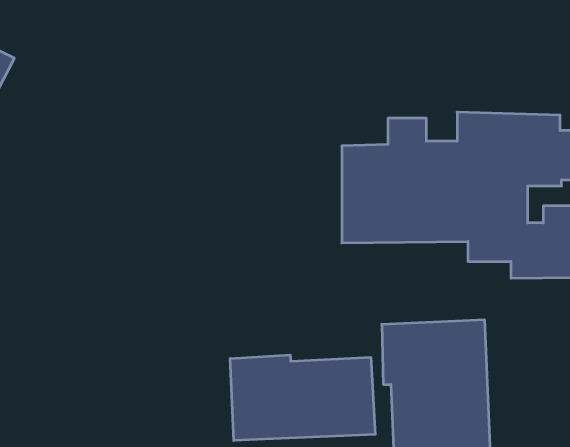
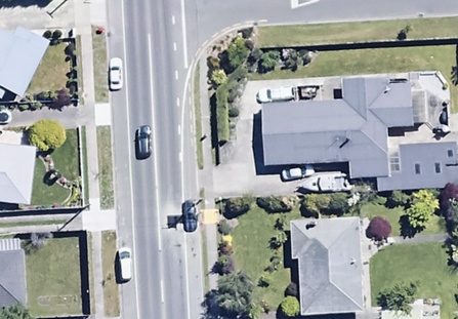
building: [230,355,375,441] -> none

